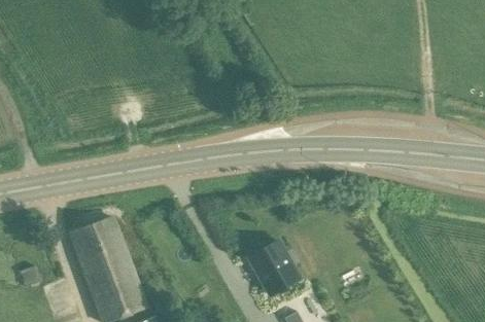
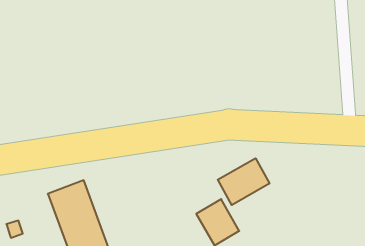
building: none -> [218,158,269,205]

